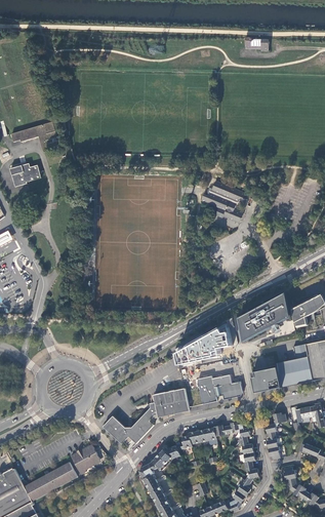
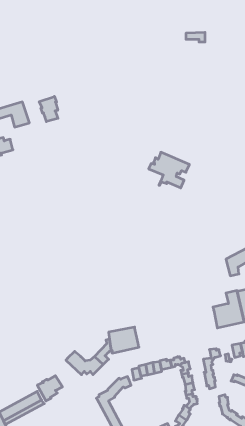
building: none -> [39,96,58,122]
building: [234,294,286,344] -> none
building: [177,325,232,367] -> none
building: [250,367,281,393] -> none
building: [197,374,242,403] -> none

